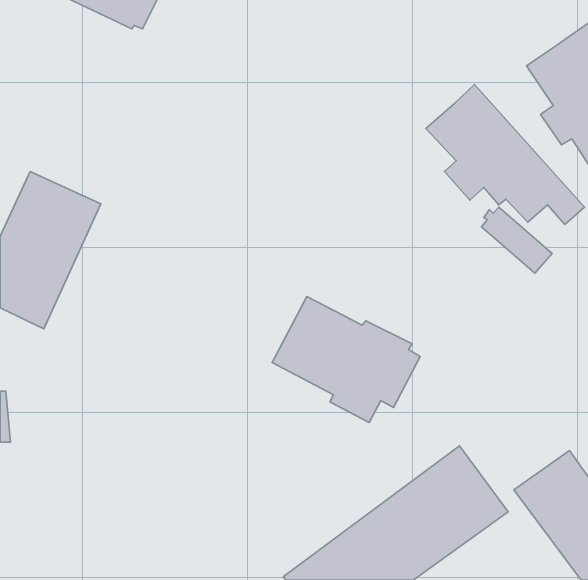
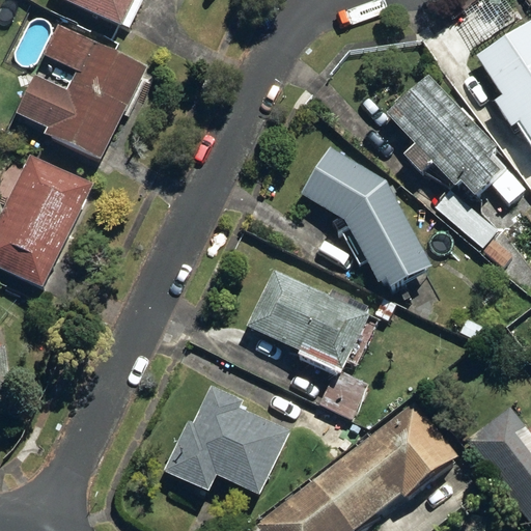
building: none -> [13,19,148,162]
building: none -> [302,149,431,294]
building: none -> [164,383,292,501]

